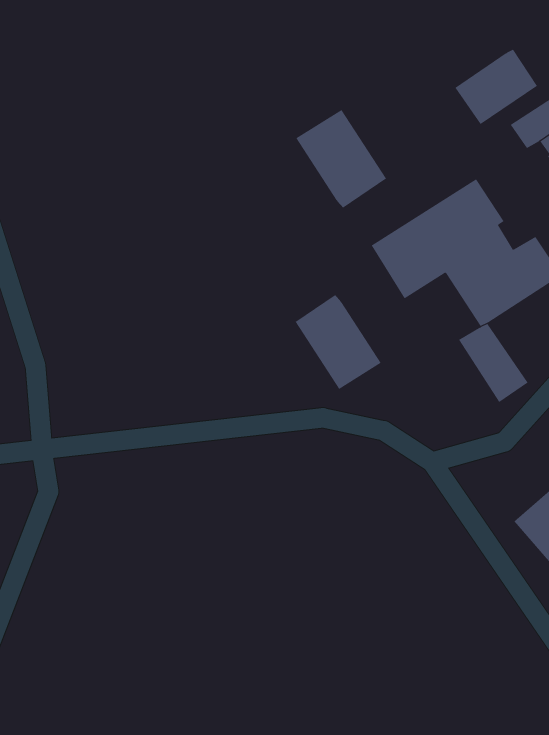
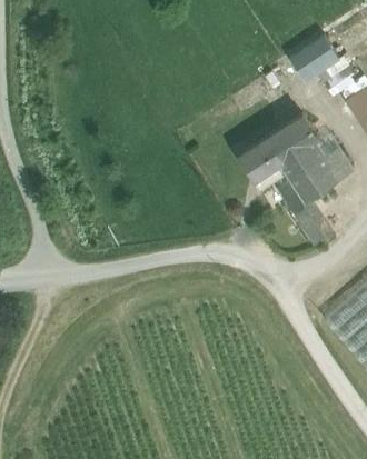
building: [296,109,387,209] -> none
building: [295,294,381,390] -> none

